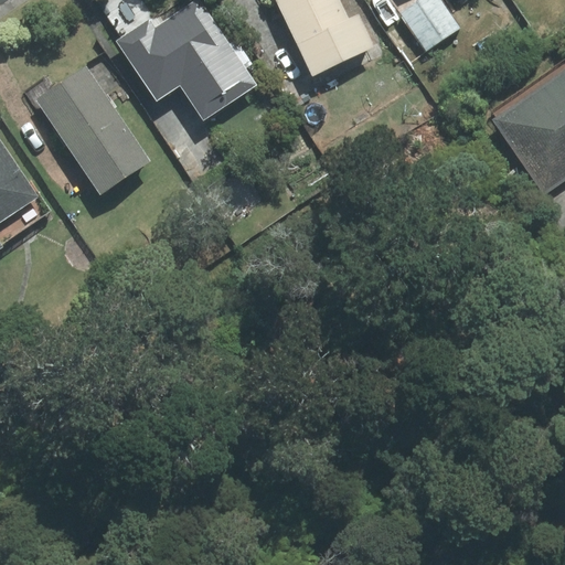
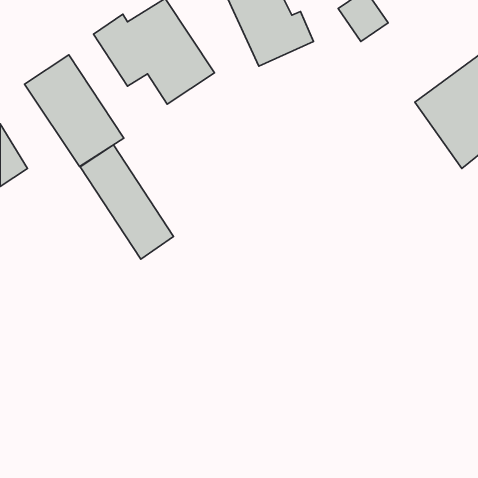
building: none -> [80,145,174,259]

